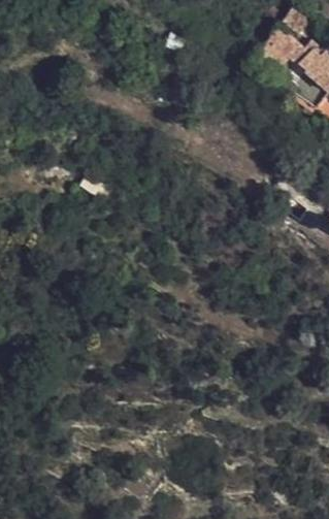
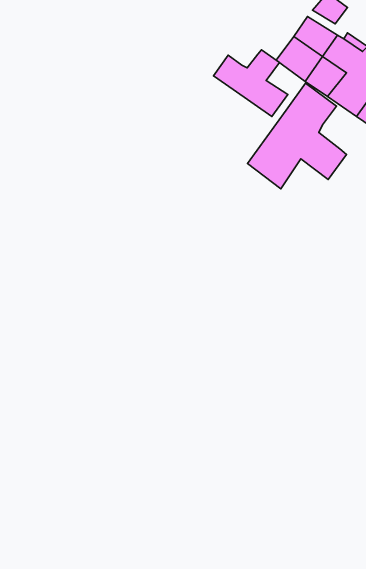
building: none -> [214,50,288,117]
building: none -> [247,83,347,189]

